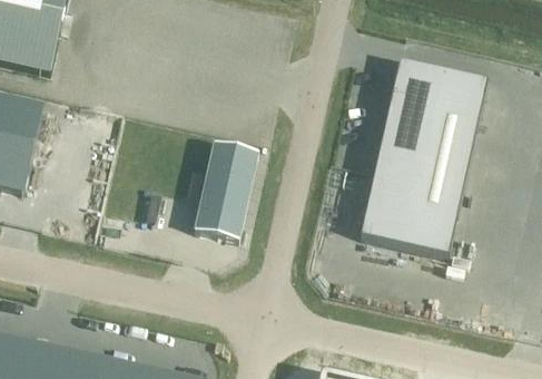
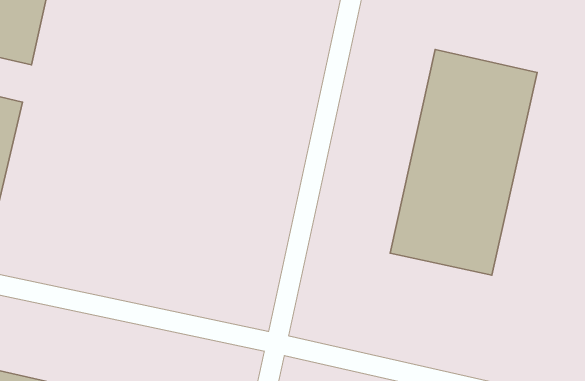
building: [194,140,257,237] -> none

